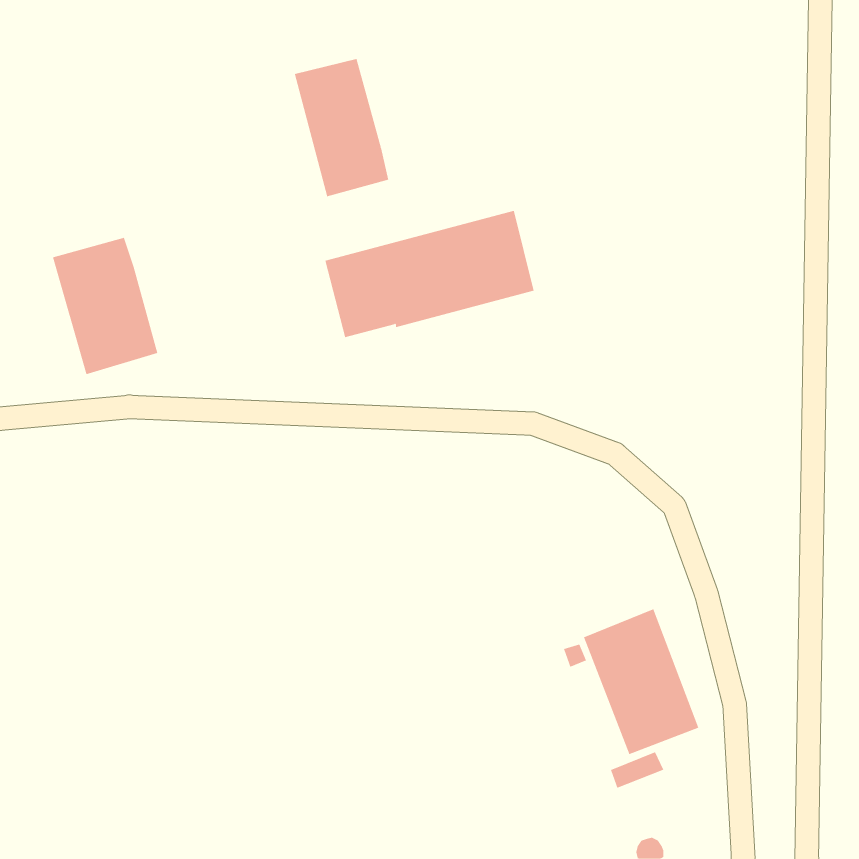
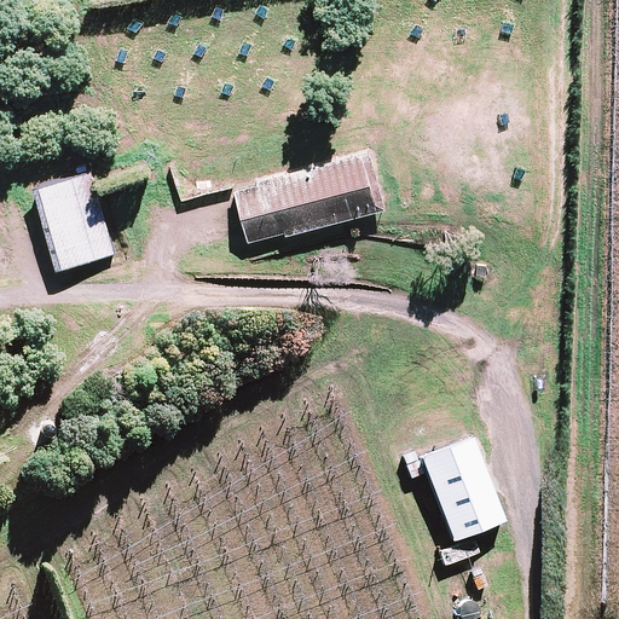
building: [294,58,389,197] -> none

